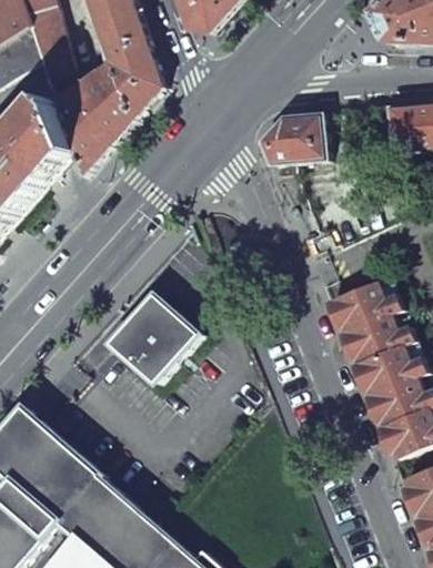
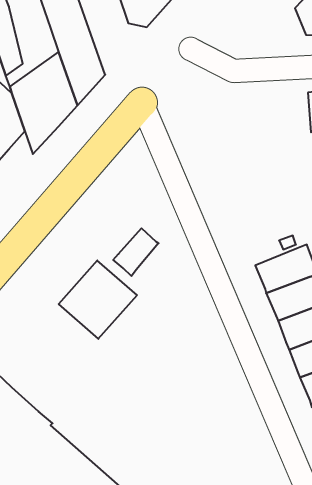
building: [256,113,324,166] -> none
building: none -> [113,228,159,276]

